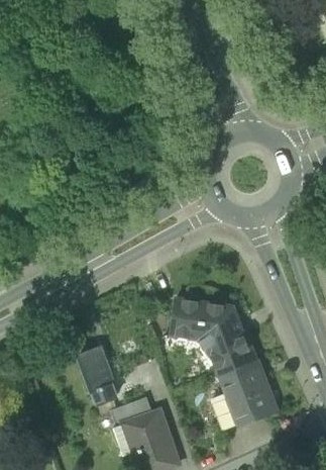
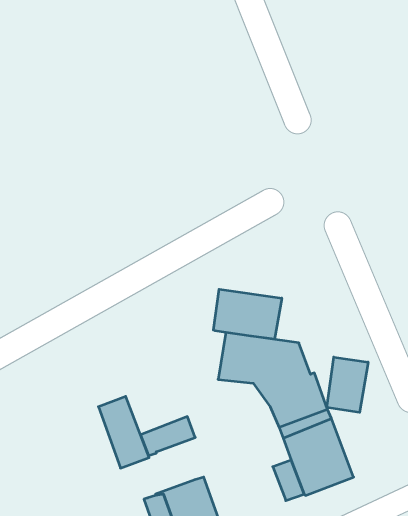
building: none -> [213,289,282,339]
building: none -> [327,357,368,412]
building: [111,396,153,427] -> [141,417,195,456]

